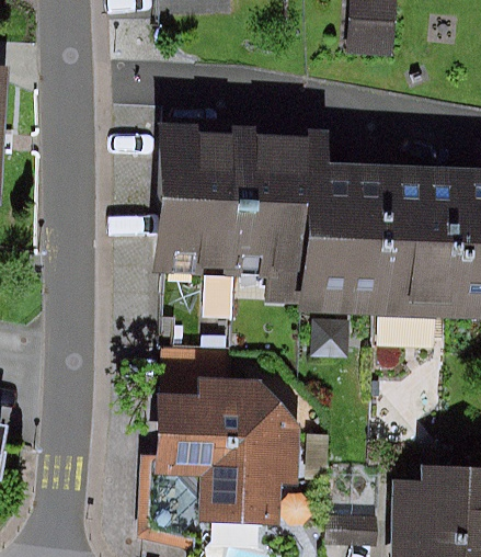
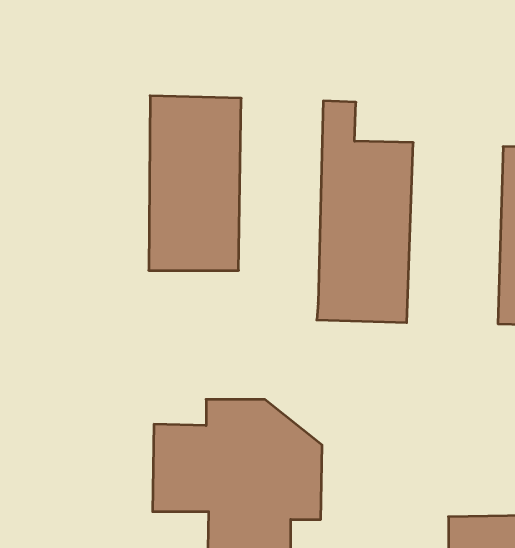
building: [227,127,298,299] -> none
building: [368,164,449,317] -> none

